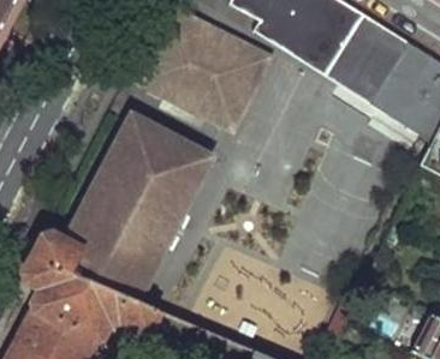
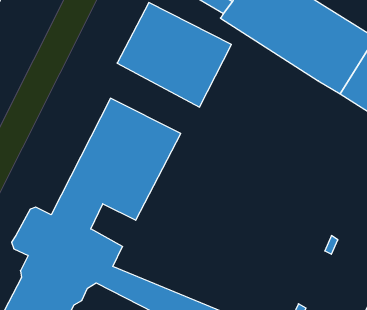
building: [112,232,161,279] -> none

